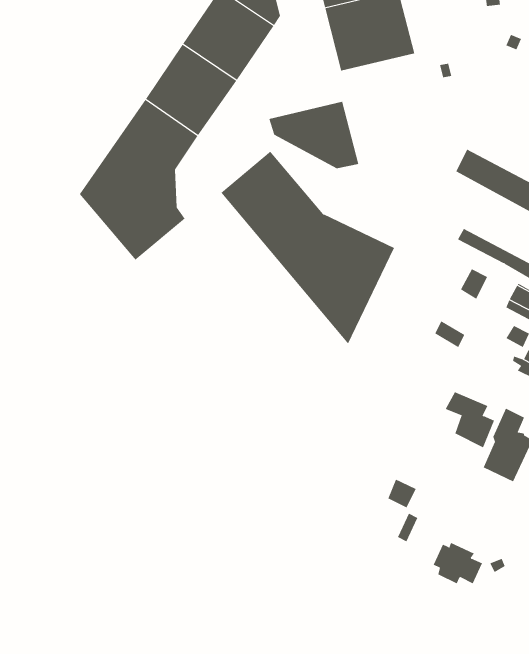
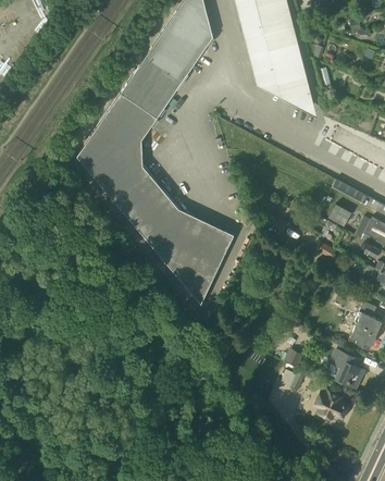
building: [268,101,359,169] -> [252,61,313,107]
building: [220,151,395,345] -> [114,172,232,303]
building: [445,391,495,448] -> [330,349,363,387]

